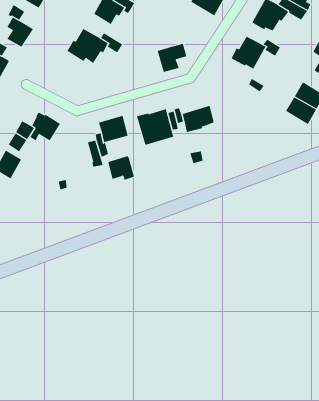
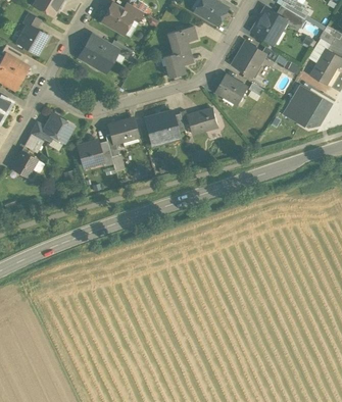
building: none -> [167,27,196,54]
building: none -> [216,74,247,102]
building: [108,155,135,180] -> [78,141,103,164]

